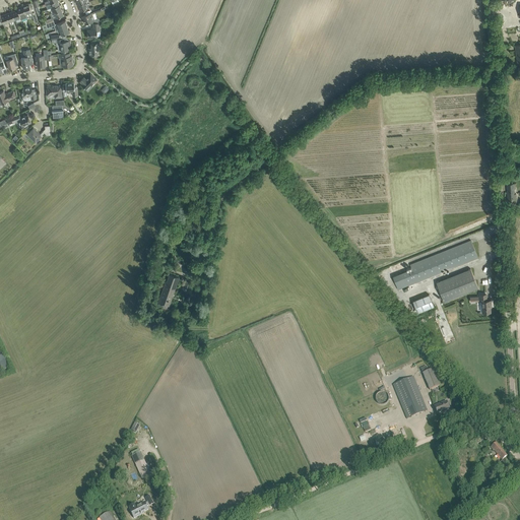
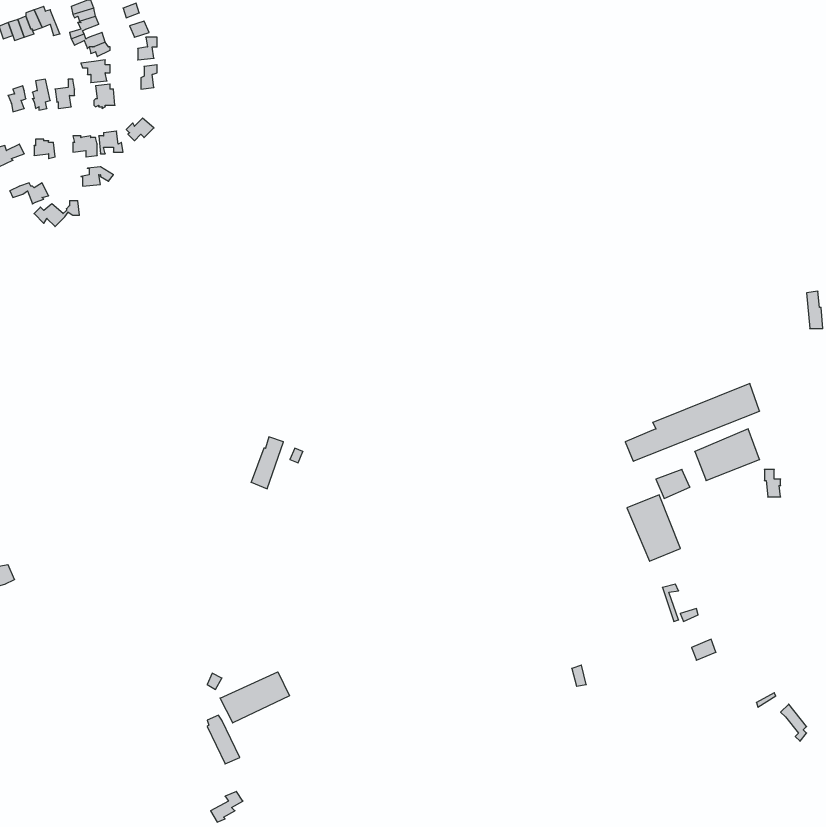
building: [392,377,426,418] -> [627,495,680,561]
building: none -> [220,672,289,723]

